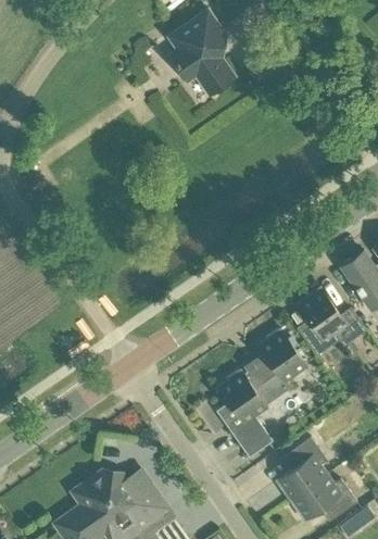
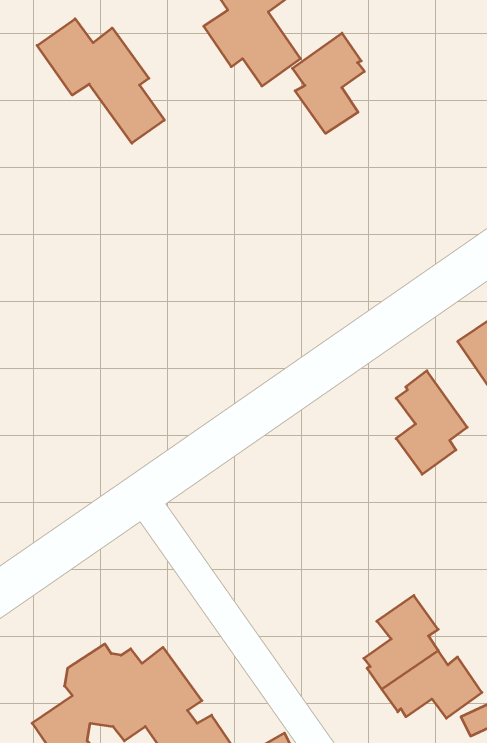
building: none -> [37,19,164,143]
building: none -> [292,33,364,133]
building: [219,329,307,457] -> none

